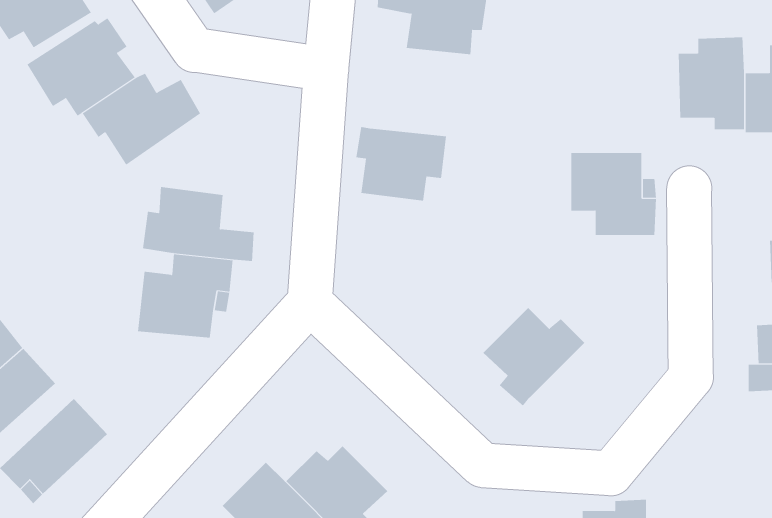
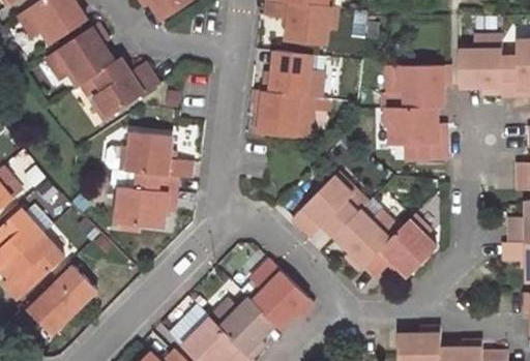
building: none -> [263,52,321,99]
building: none -> [387,65,448,109]
building: none -> [291,176,369,236]
building: none -> [364,215,436,276]
building: none -> [247,260,314,328]

